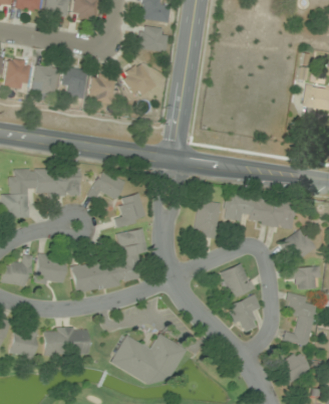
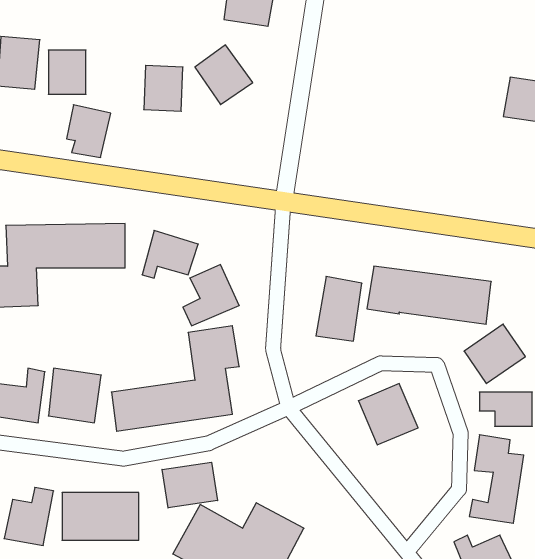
building: [61,67,87,98] -> [67,105,111,157]
building: [227,294,261,333] -> none
building: none -> [162,462,218,508]

